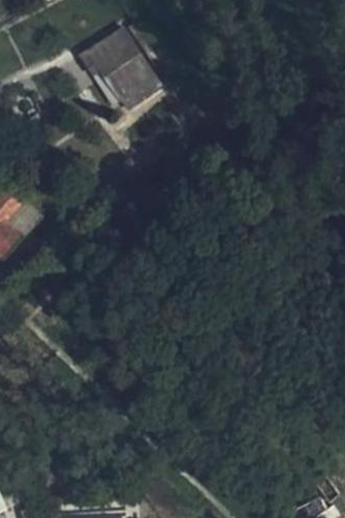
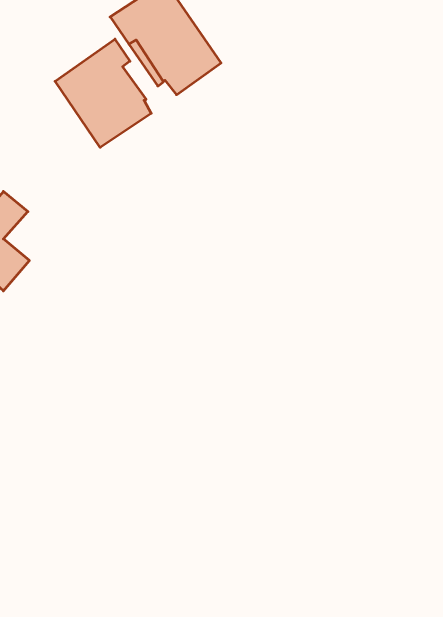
building: none -> [55,39,151,147]

